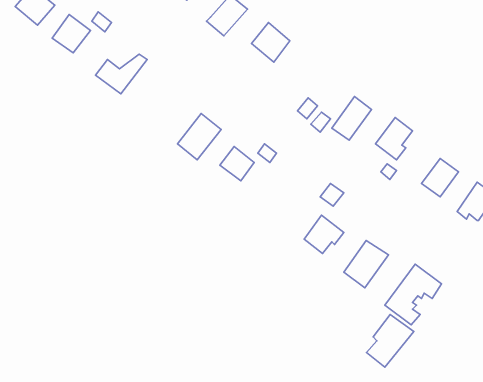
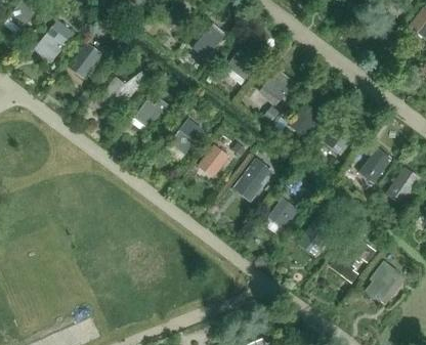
building: none -> [262,70,293,105]
building: none -> [134,98,170,128]
building: none -> [233,160,271,201]
building: [366,314,414,367] -> [364,261,400,302]

